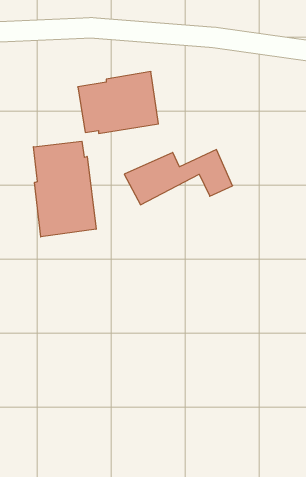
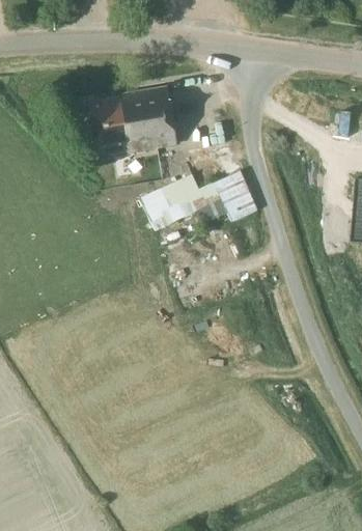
building: [33,141,96,237] -> none

